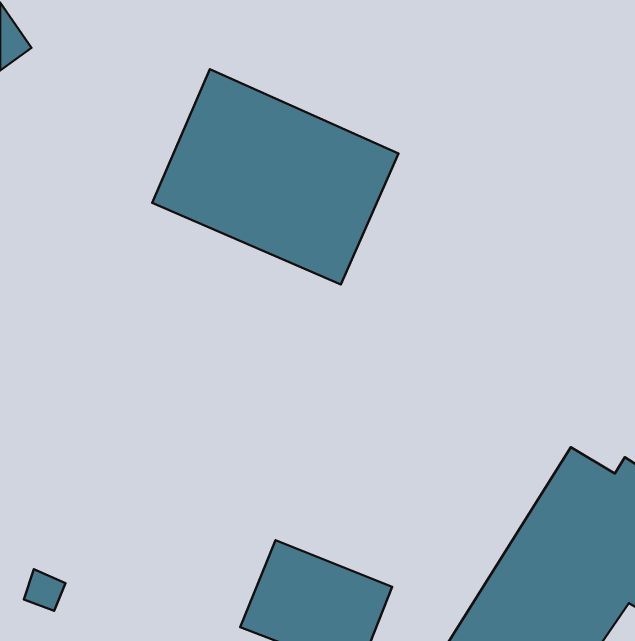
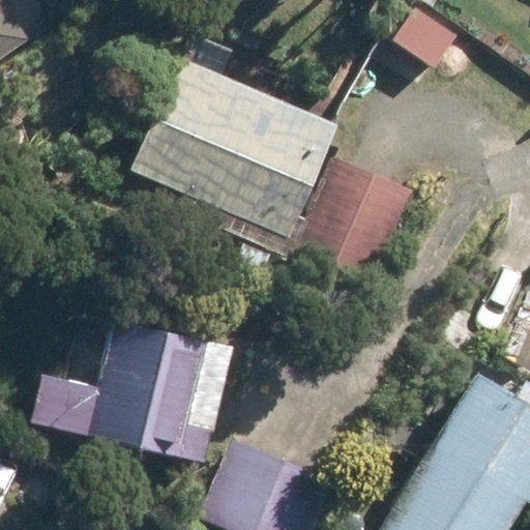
building: none -> [298,158,411,281]
building: none -> [34,317,233,463]

